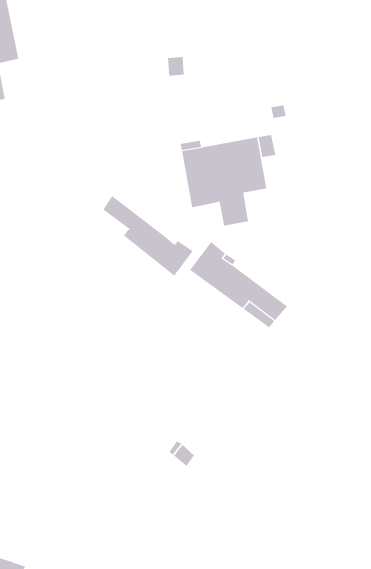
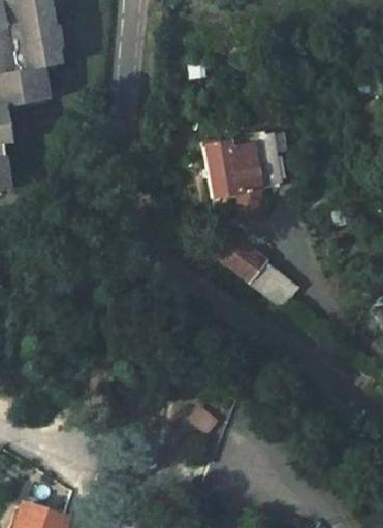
building: [103,195,194,276] -> none

